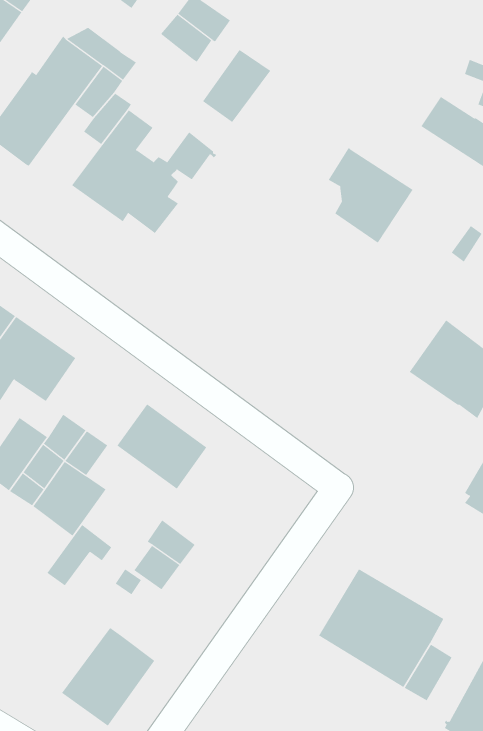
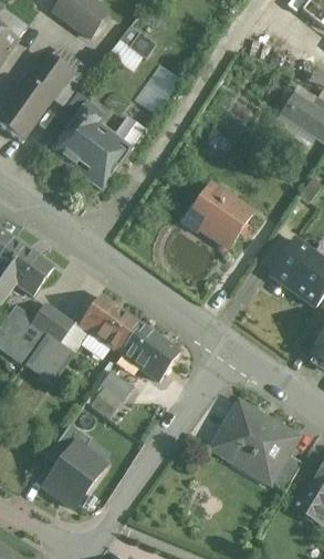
building: [328,148,413,244] -> [196,184,252,247]
building: none -> [119,324,179,380]
building: [47,524,112,586] -> [46,424,90,465]

